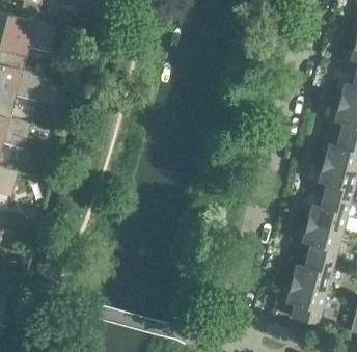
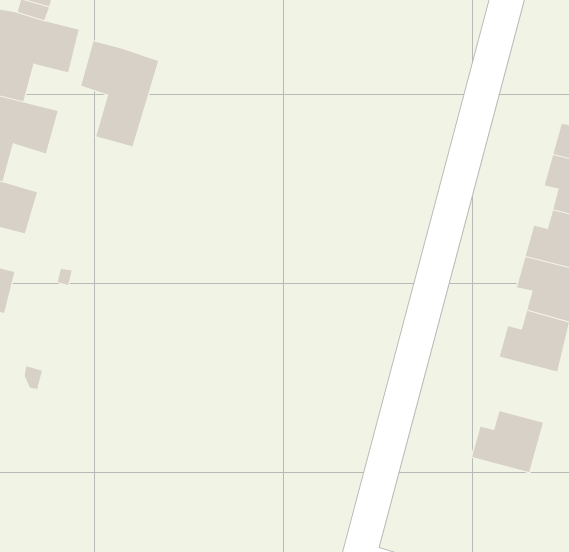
building: none -> [80,40,159,147]
building: [302,223,342,263] -> none
building: [286,283,326,324] -> none

